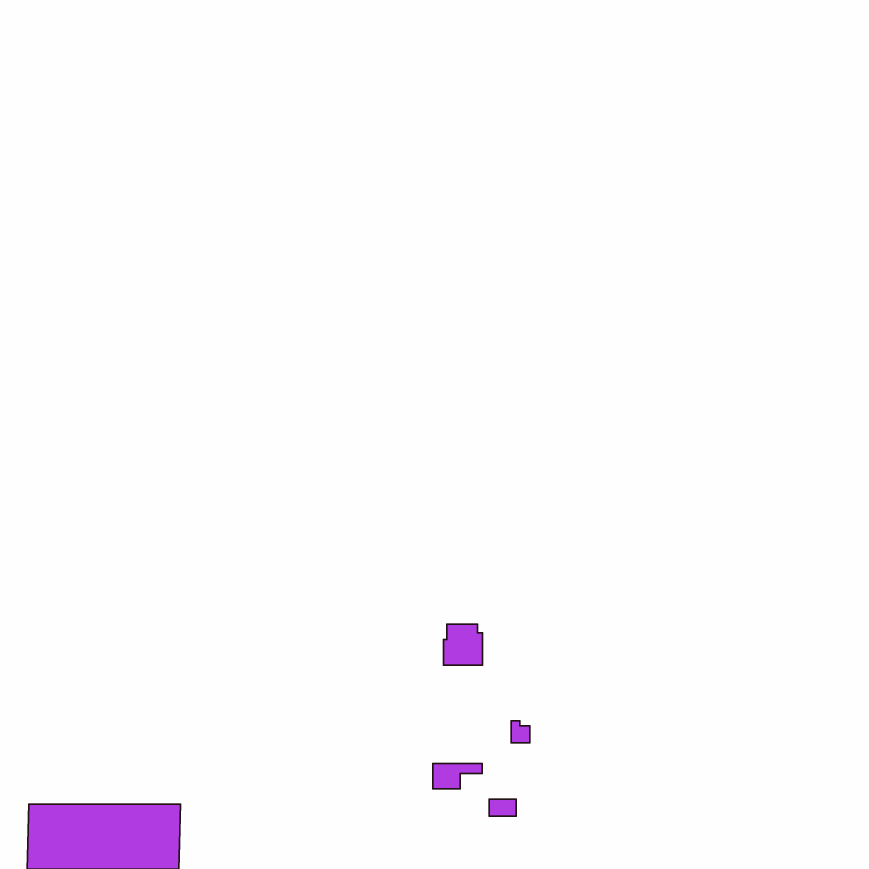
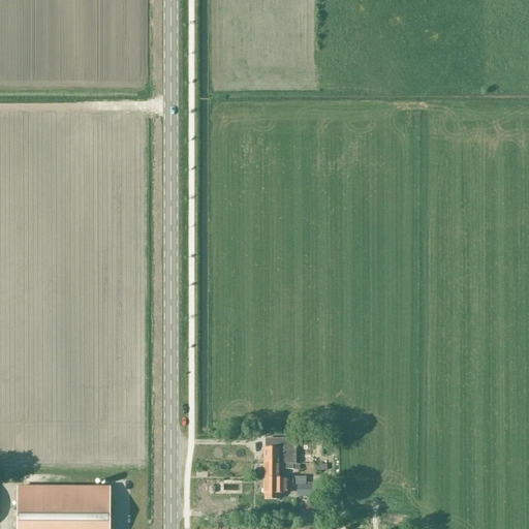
building: [443,624,483,665] -> [264,438,288,463]
building: none -> [263,478,293,499]

